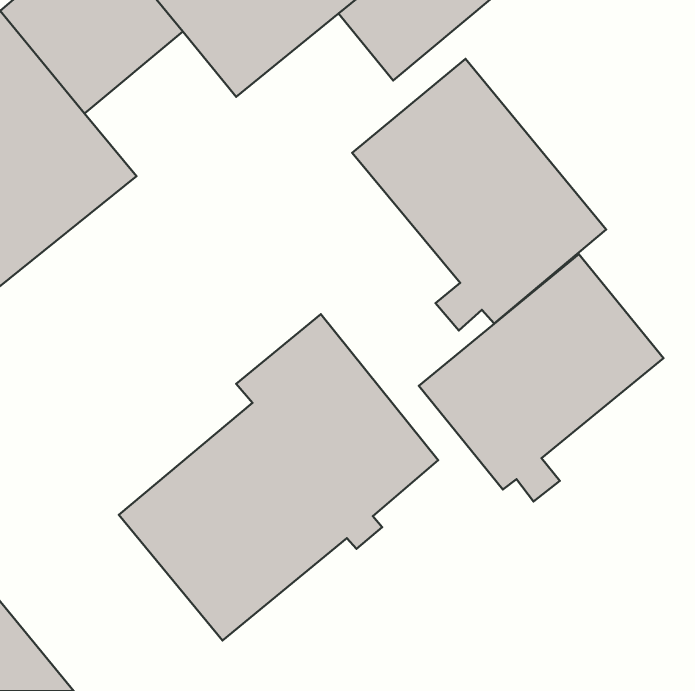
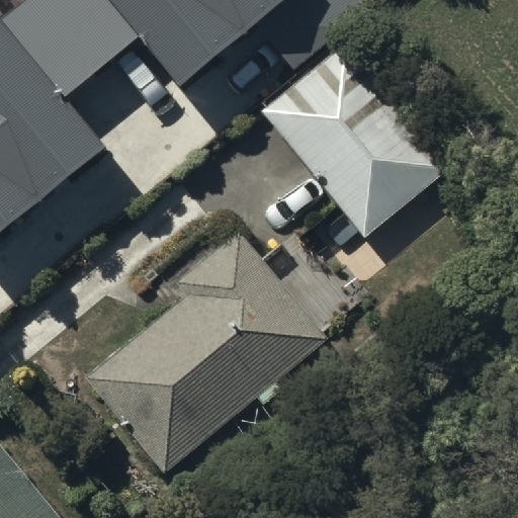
building: [419,254,664,502] -> none

